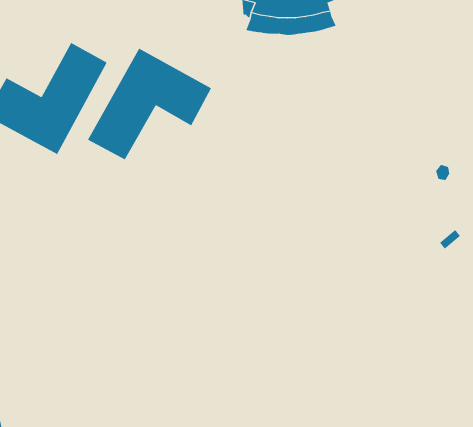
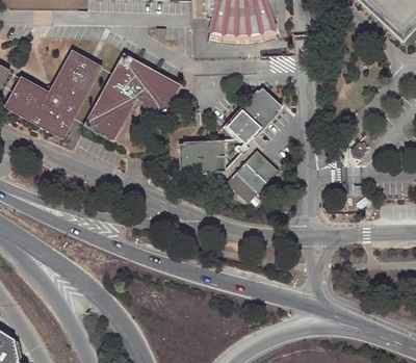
building: none -> [225,86,281,142]
building: none -> [178,139,224,167]
building: none -> [224,149,277,203]

